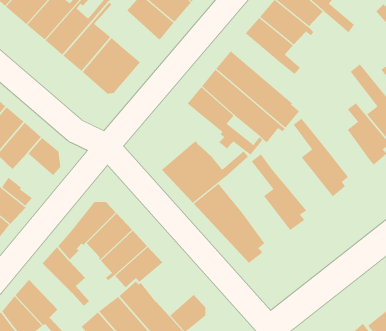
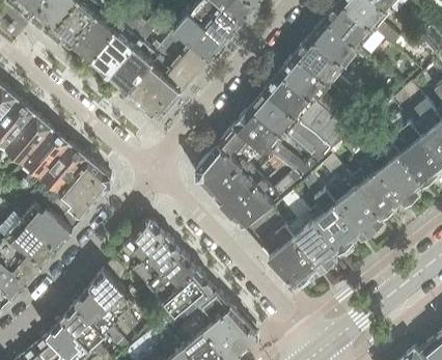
building: none -> [155,31,208,84]
building: none -> [280,54,351,126]
building: none -> [197,126,271,193]
building: none -> [377,140,421,205]
building: none -> [322,157,384,239]
building: none -> [58,176,100,219]
building: none -> [282,194,337,272]
building: none -> [75,288,128,352]
building: none -> [198,292,243,341]

